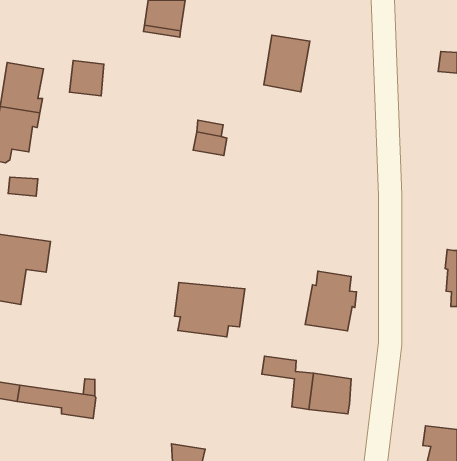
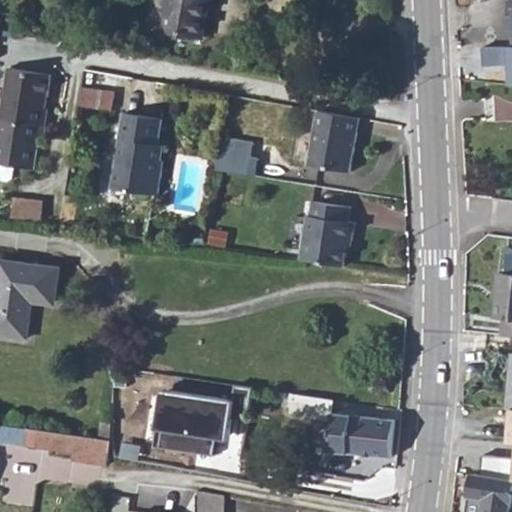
building: [264,35,310,92] -> [309,112,360,175]
building: none -> [110,113,161,195]
building: [305,271,357,331] -> [299,202,356,268]
building: [174,283,245,337] -> [147,395,225,455]

